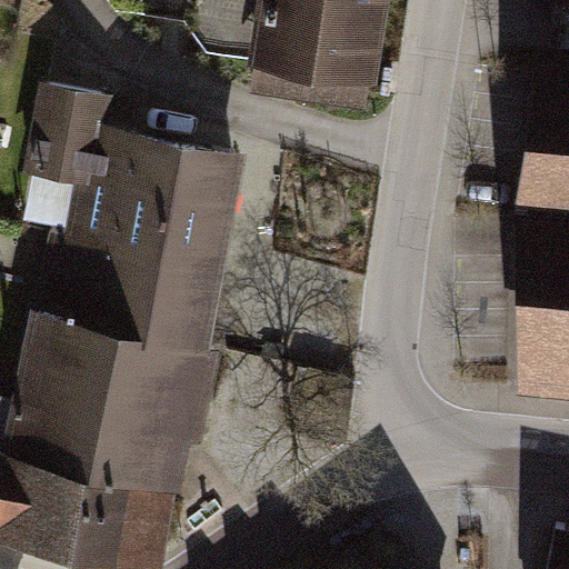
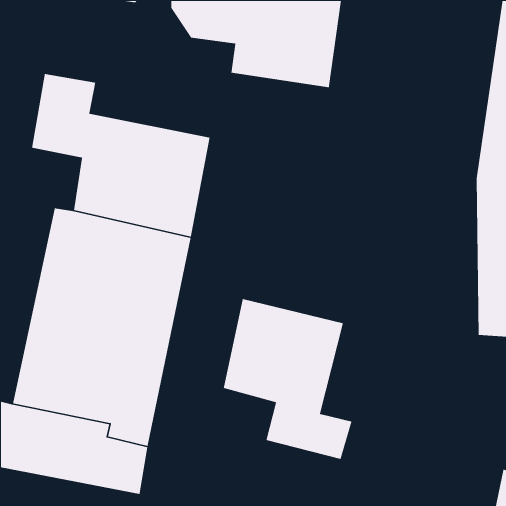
building: none -> [223,298,352,460]

